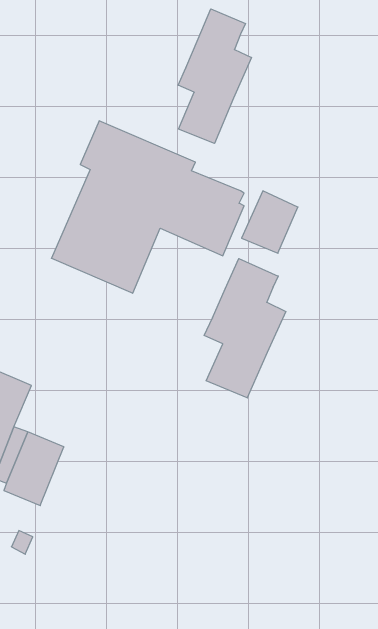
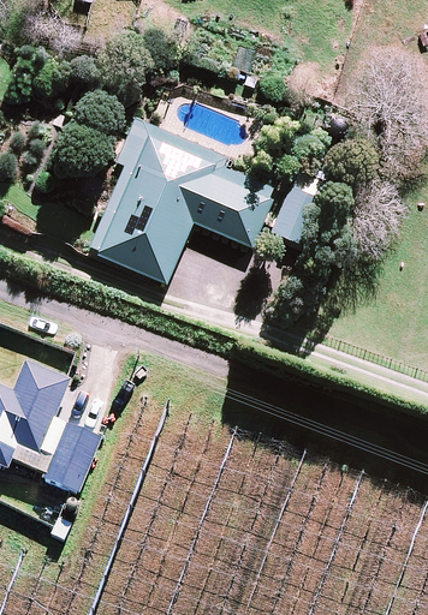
building: [178,9,251,143] -> none
building: [204,259,286,398] -> none

